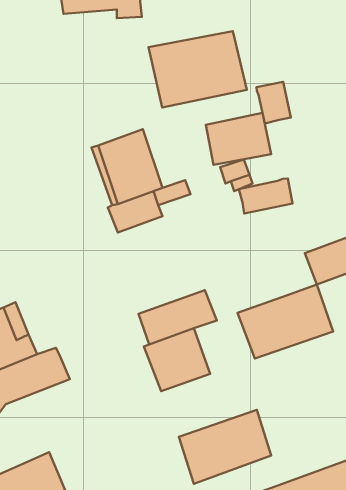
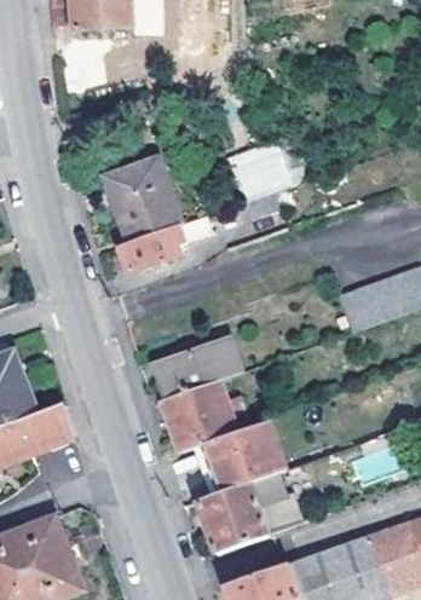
building: [148,31,247,108] -> none
building: [257,82,291,123] -> none
building: [239,178,292,214] -> none
building: [237,285,333,359] -> [180,417,287,500]

